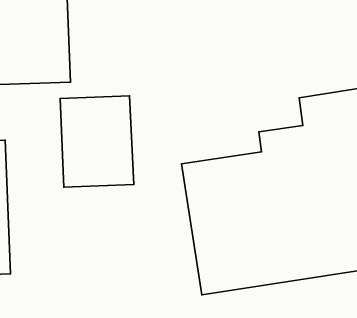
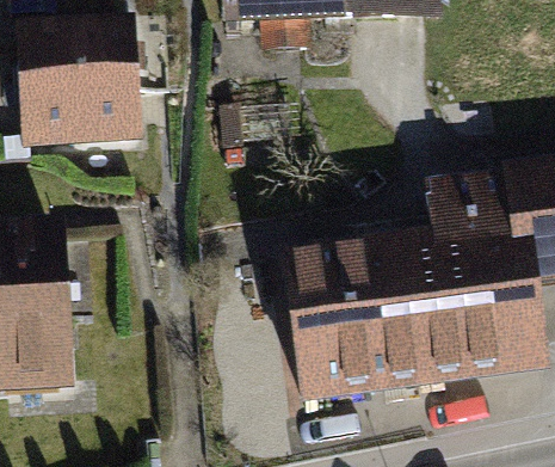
building: [60,96,134,187] -> none

